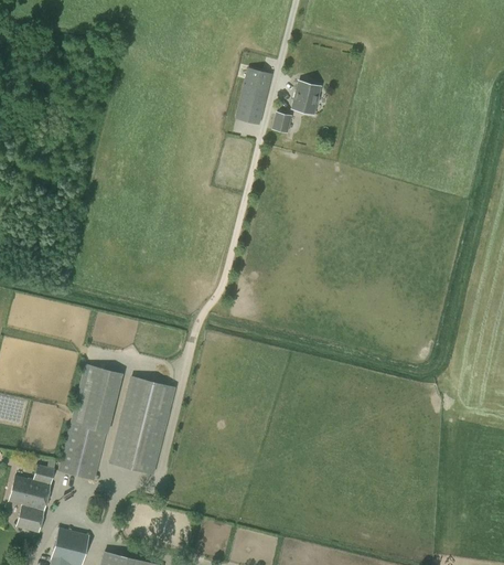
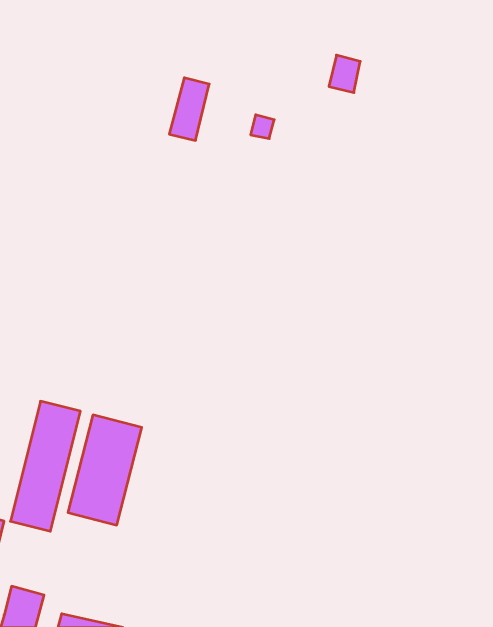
building: [236,68,271,124] -> [169,78,209,140]
building: [292,81,320,114] -> [329,55,360,93]

